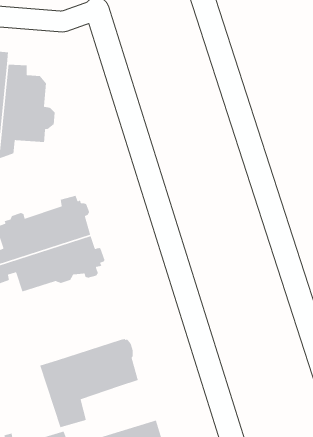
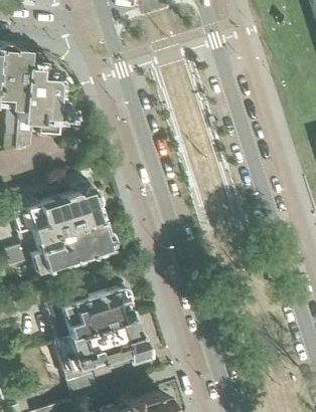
building: none -> [61,288,134,336]

